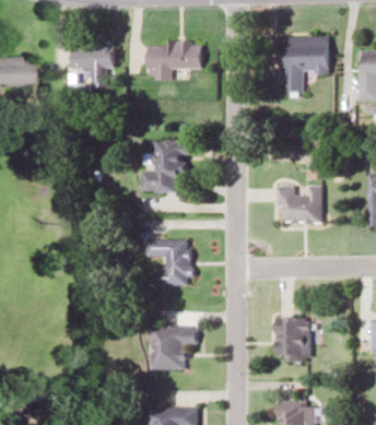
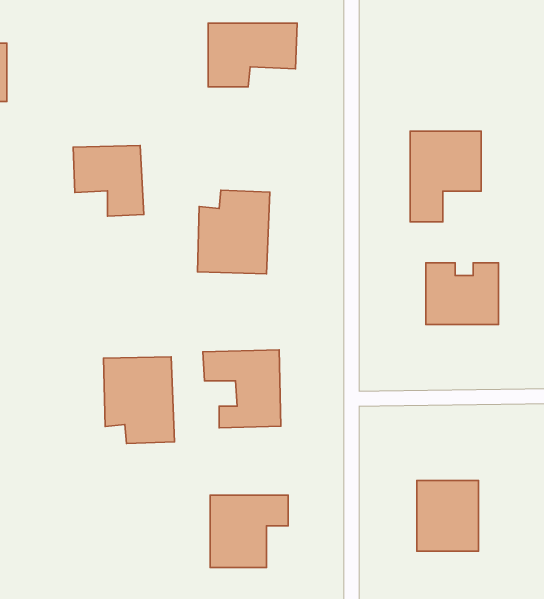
building: [285,37,328,92] -> [410,131,481,222]
building: [71,44,114,86] -> [73,145,144,216]
building: none -> [103,357,175,444]

